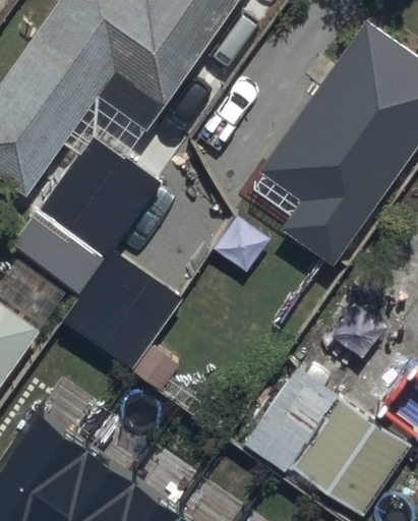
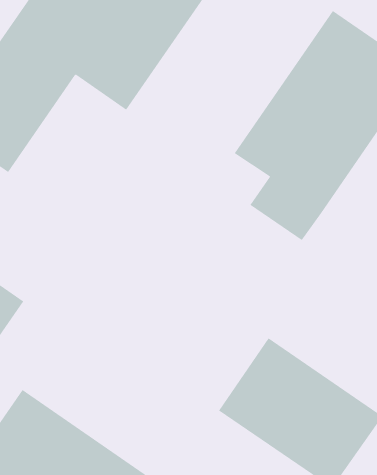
building: [39,133,157,255] -> none
building: [65,253,182,370] -> none

